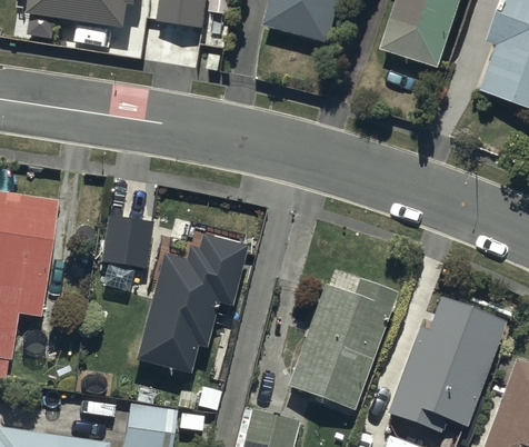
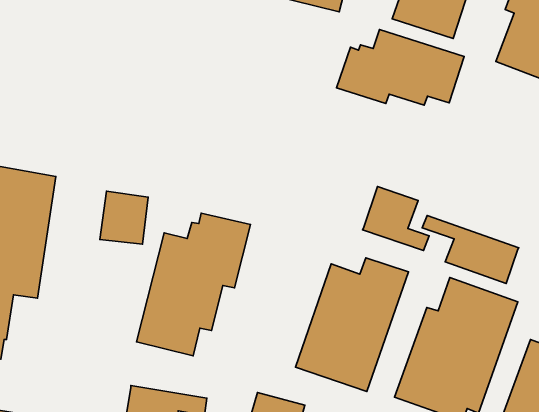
building: none -> [337,29,464,105]
building: none -> [362,186,429,251]
building: none -> [422,215,519,284]

